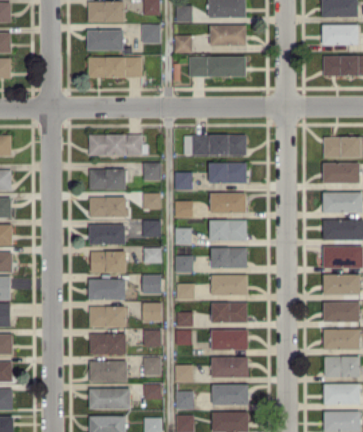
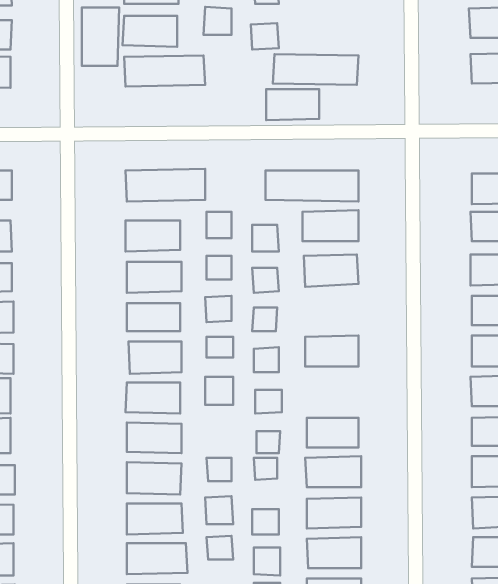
building: none -> [82,7,119,66]
building: [210,25,246,46] -> [266,89,319,120]
building: [209,220,246,241] -> none
building: [210,275,247,295] -> none
building: [142,302,161,321] -> none

